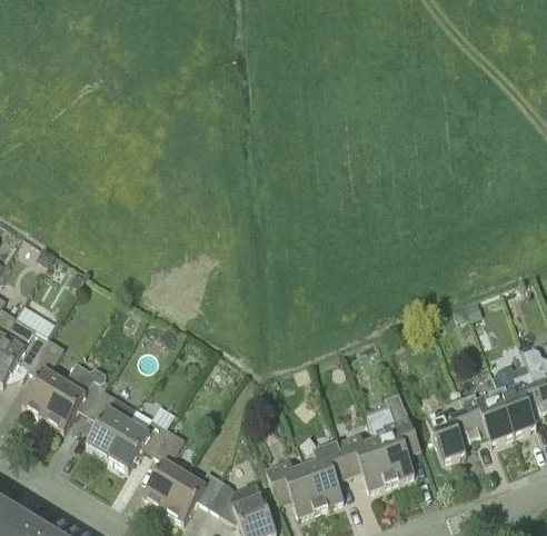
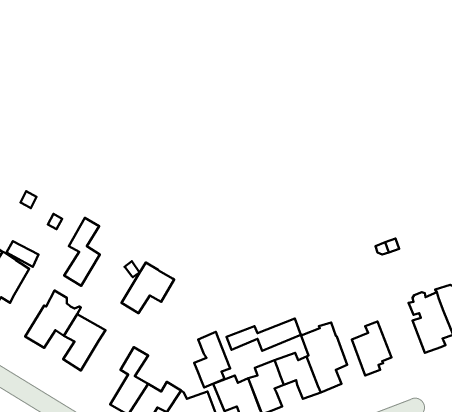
building: [21,336,63,416] -> [64,218,100,286]
building: [456,391,511,441] -> none
building: none -> [227,319,301,351]
building: [107,408,169,468] -> [121,262,174,313]
building: none -> [194,332,230,388]

